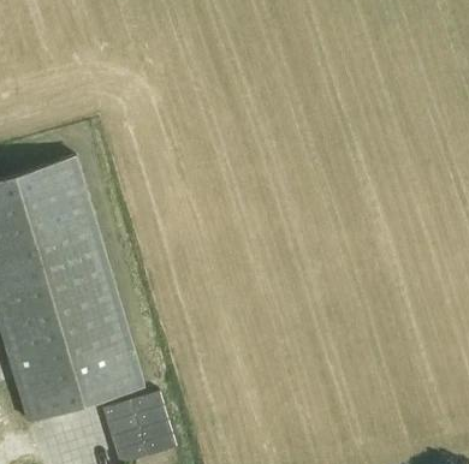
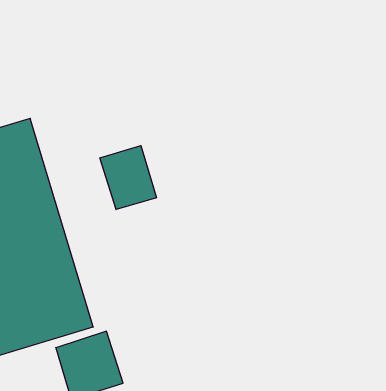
building: none -> [100,146,157,210]

